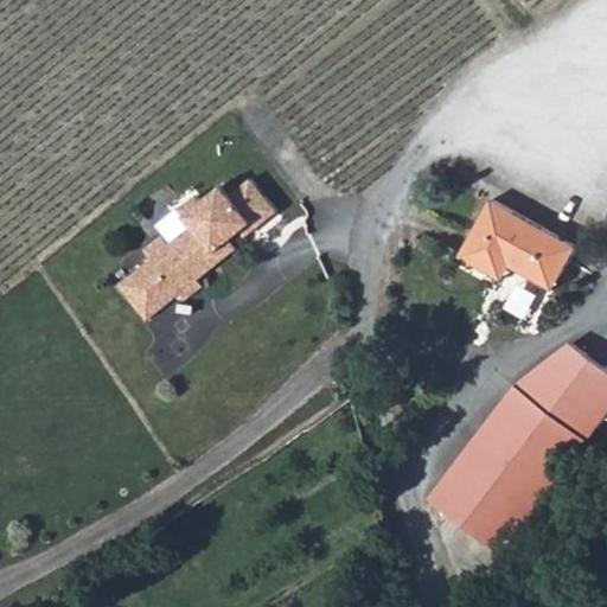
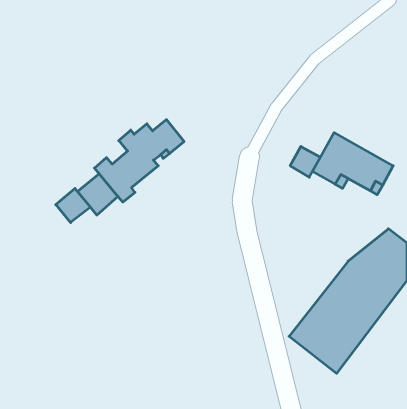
building: none -> [290,146,320,177]
building: none -> [56,188,90,223]

